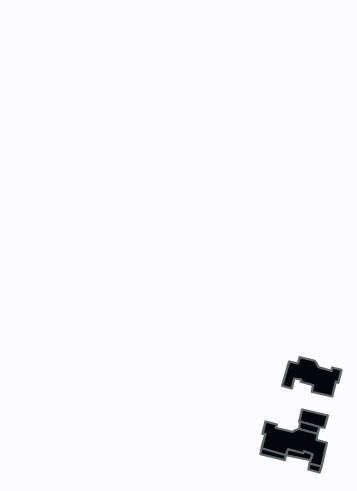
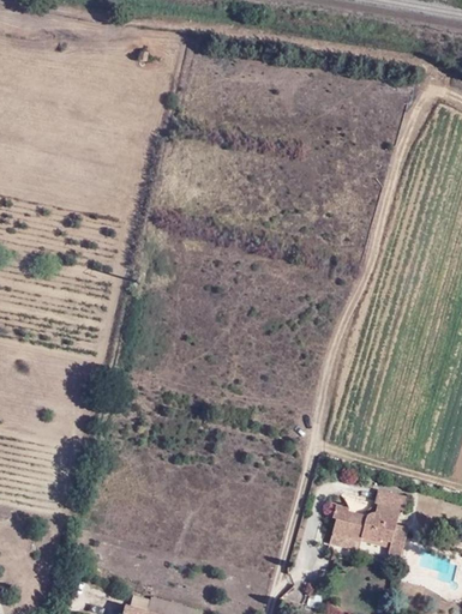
building: [282,357,342,397] -> none

